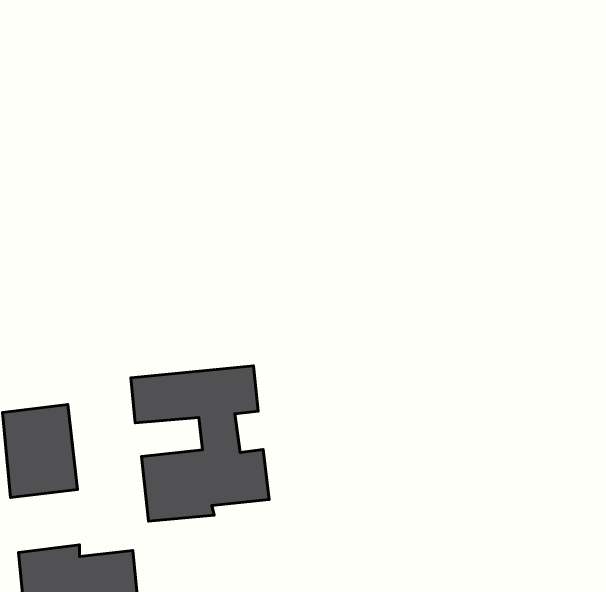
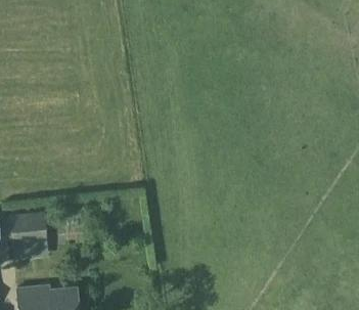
building: [131,366,269,521] -> none

